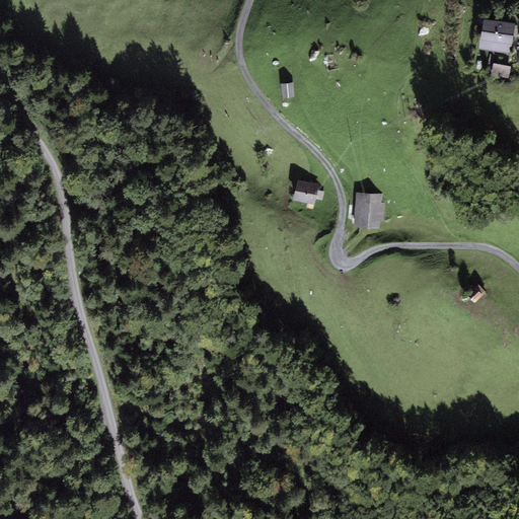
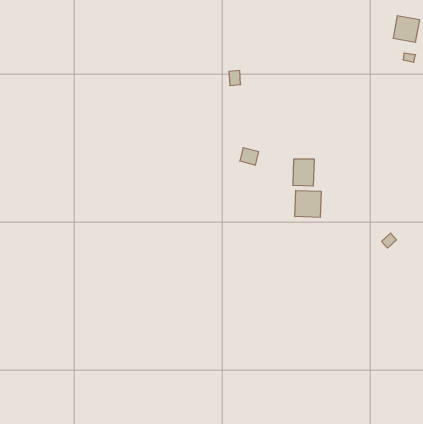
building: none -> [295,190,321,217]

